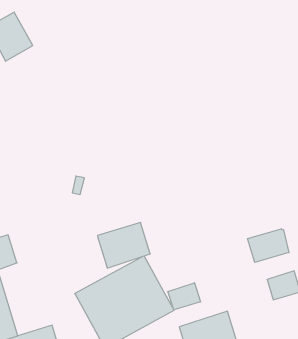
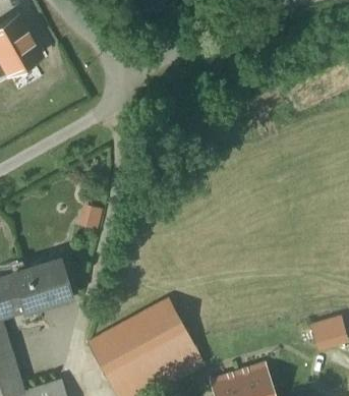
building: [98,222,150,268] -> [11,259,72,312]
building: [247,229,289,262] -> none
building: [168,283,201,310] -> none

